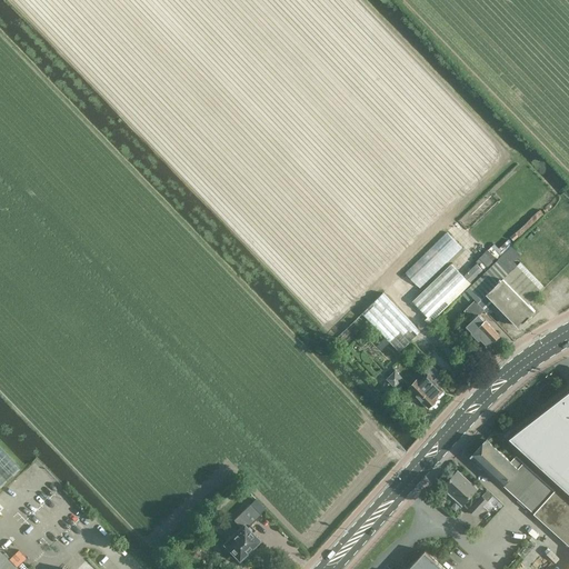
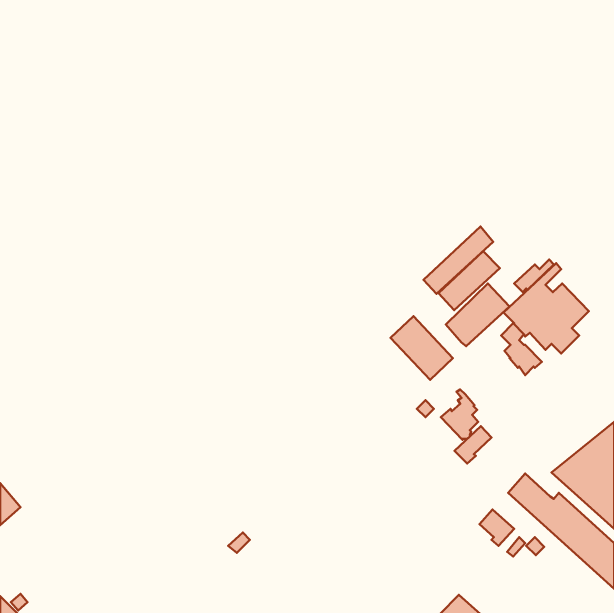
building: none -> [424,226,493,294]
building: none -> [455,426,491,464]
building: [222,503,261,559] -> none

